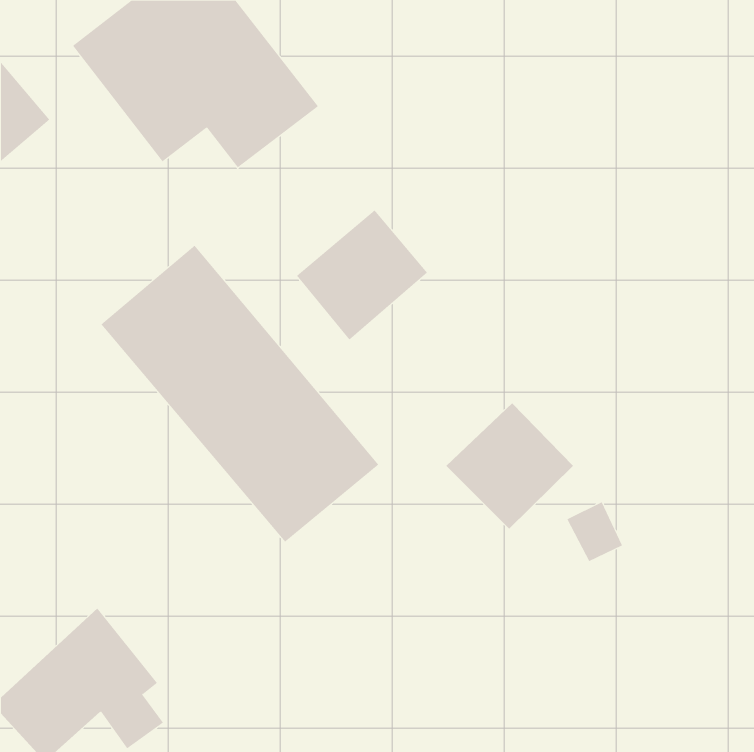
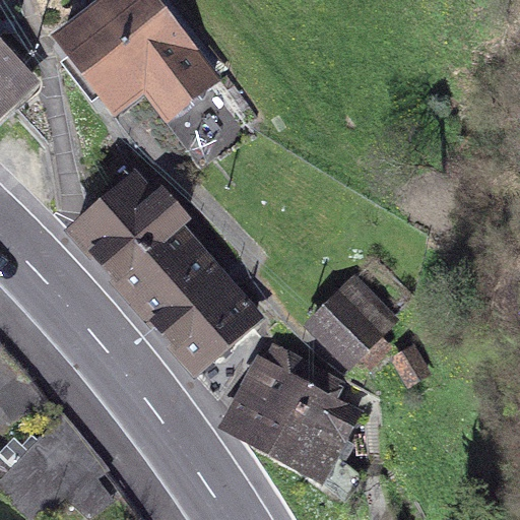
building: [296,210,428,340] -> none
building: none -> [228,347,353,476]

